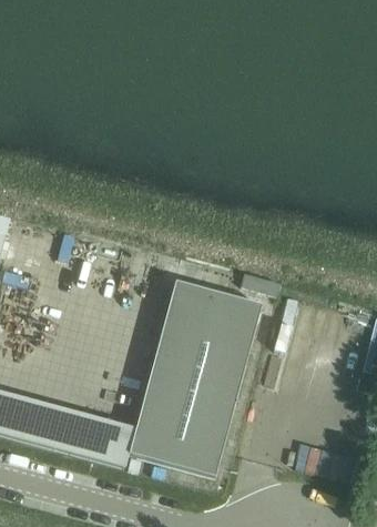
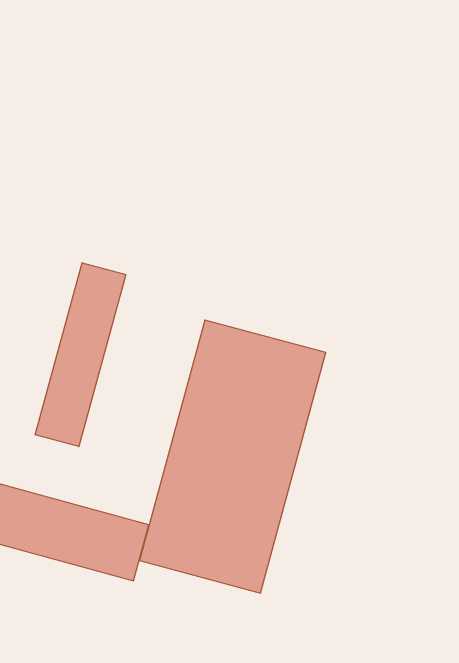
building: none -> [35,263,126,447]

